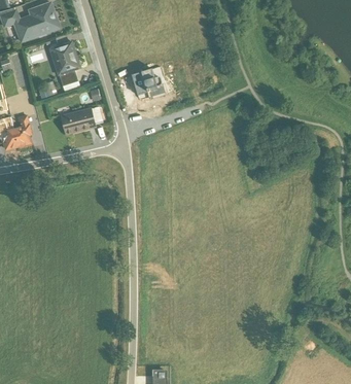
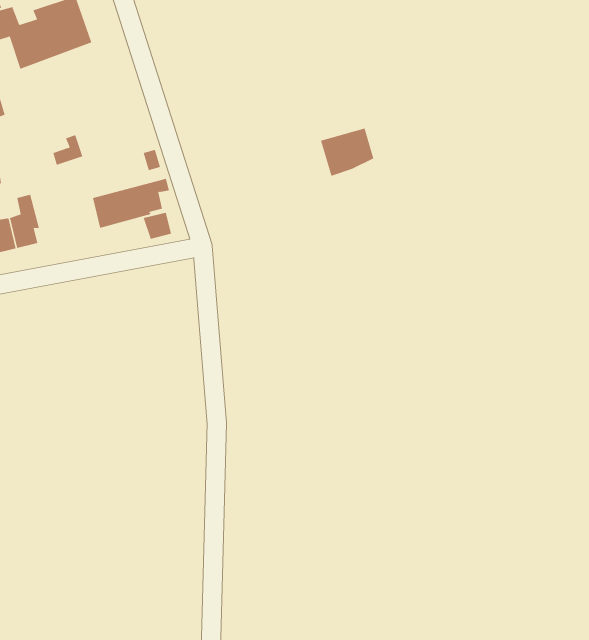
building: [48,41,80,93] -> none
building: [131,67,162,95] -> [320,128,374,177]

